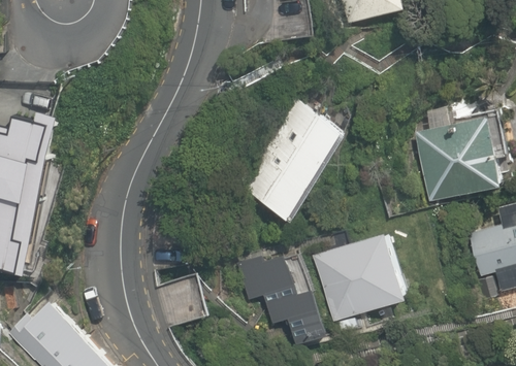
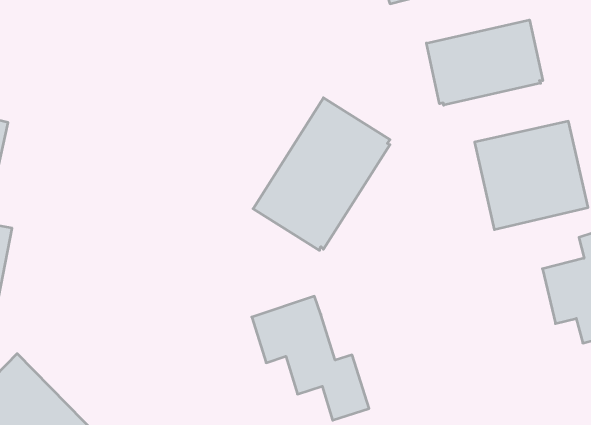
building: none -> [426,20,543,105]
building: [312,230,409,320] -> none

